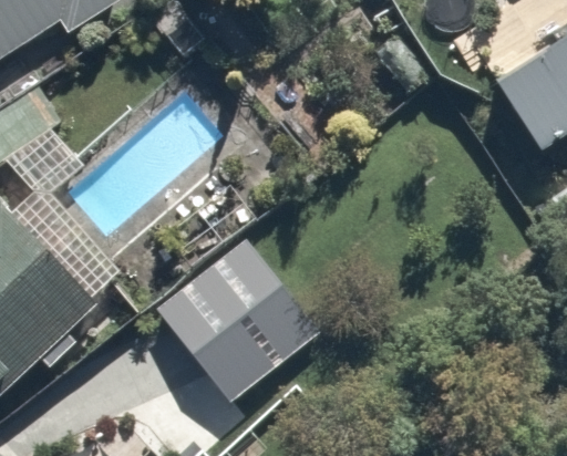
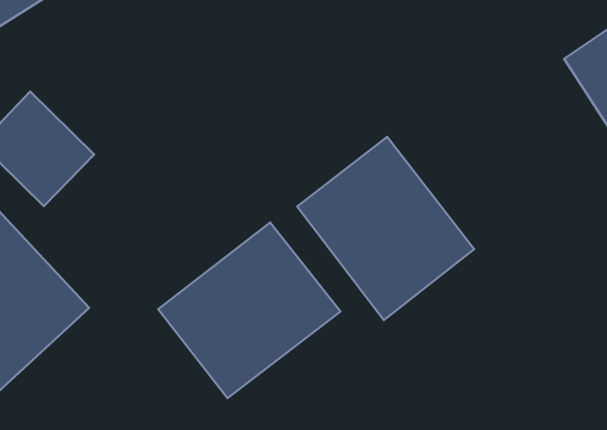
building: none -> [297,137,474,320]

